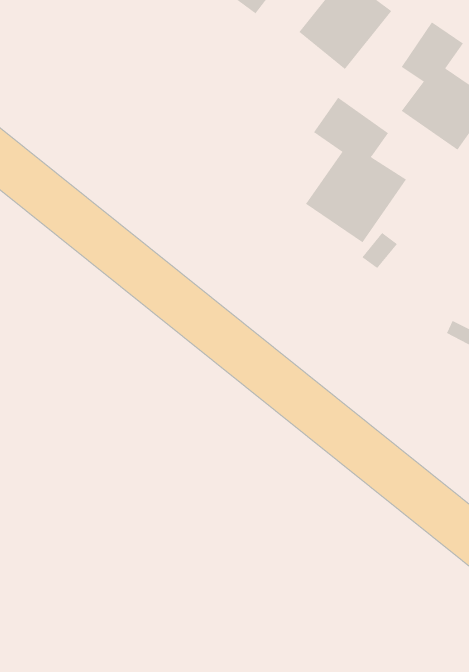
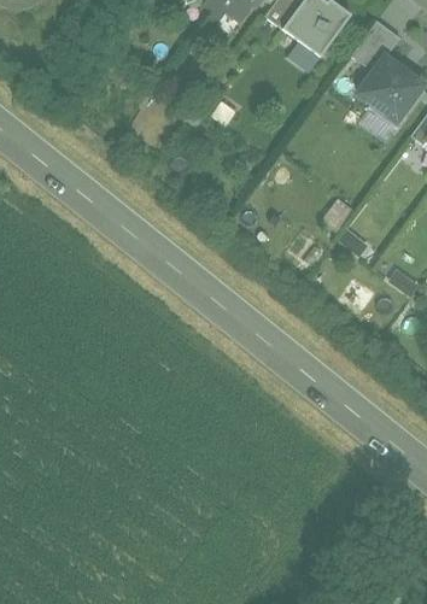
building: [305,97,407,243] -> none

